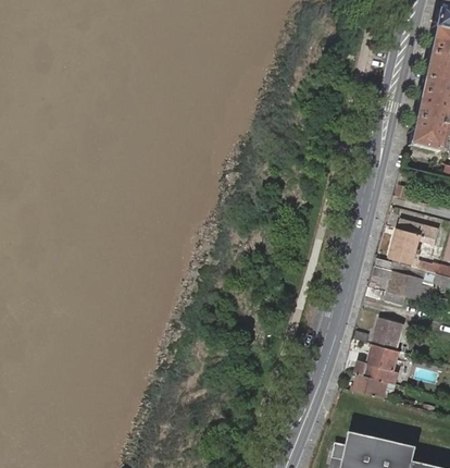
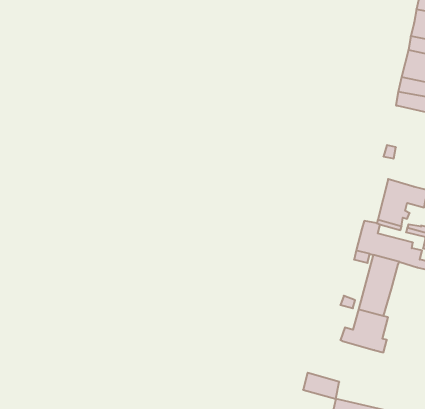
building: [353,373,388,398] -> [303,373,339,399]

